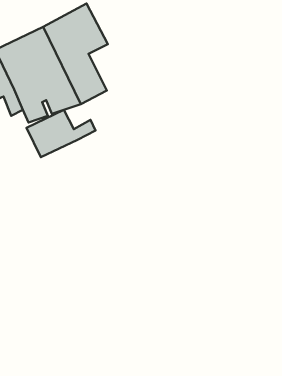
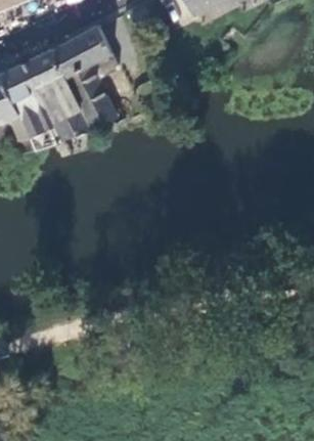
building: [27,110,95,157] -> none

